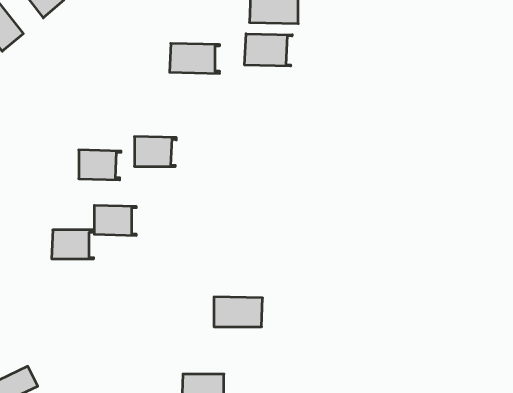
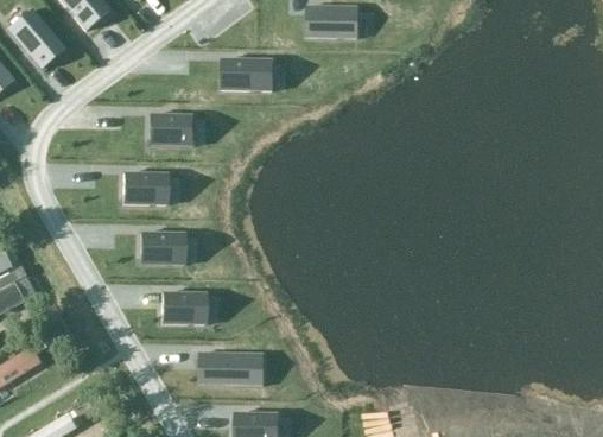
building: [245,34,292,66] -> none
building: [134,137,176,166] -> [151,113,196,145]
building: [52,230,94,259] -> [163,292,208,323]
building: [214,297,263,327] -> [201,352,253,384]

